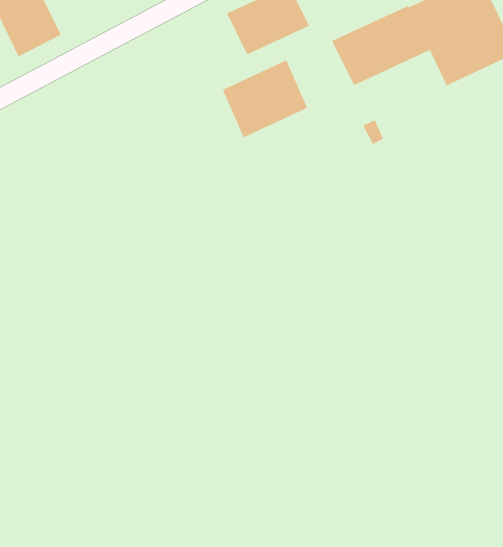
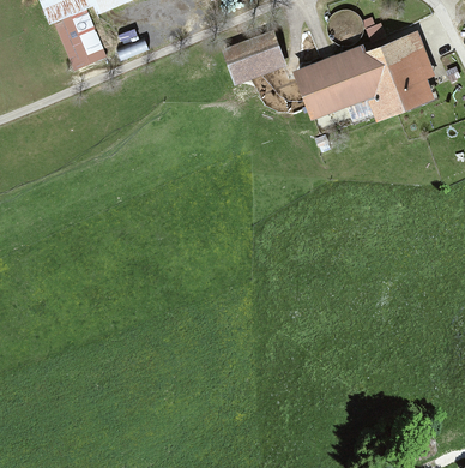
building: [222,60,308,138] -> none

